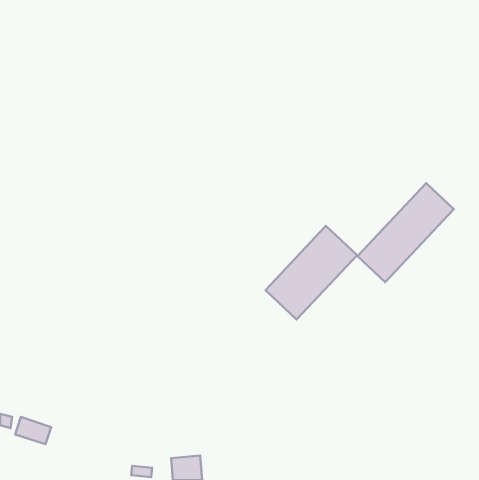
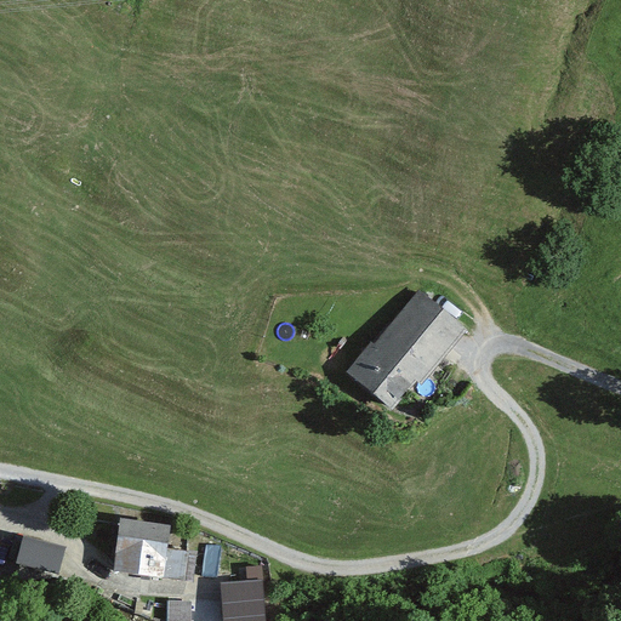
building: [357,183,454,282] -> none
building: none -> [107,524,171,575]

